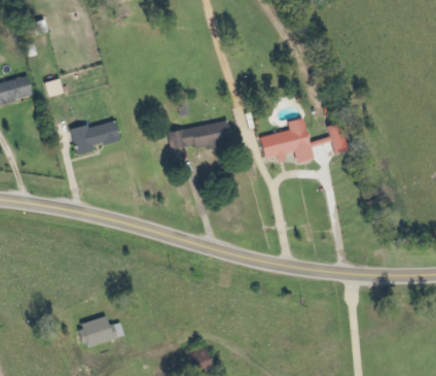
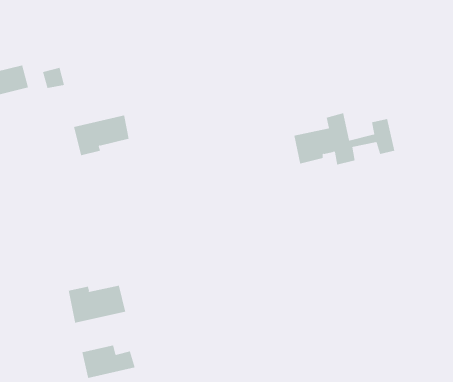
building: [169,121,231,151] -> none
building: none -> [68,285,126,324]

